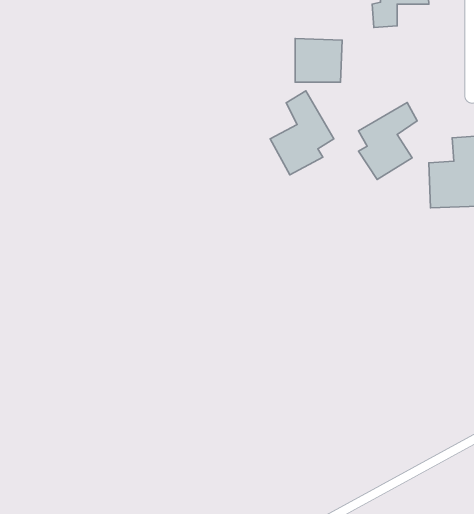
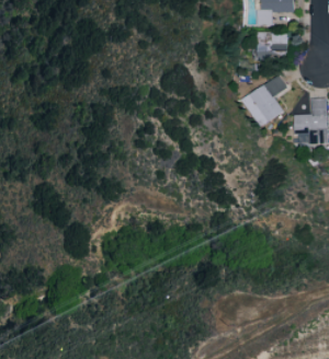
building: [295,39,342,82] -> [257,32,287,60]
building: [270,91,334,175] -> none

